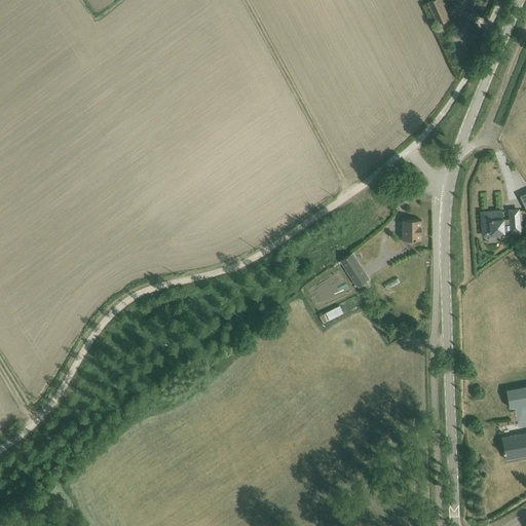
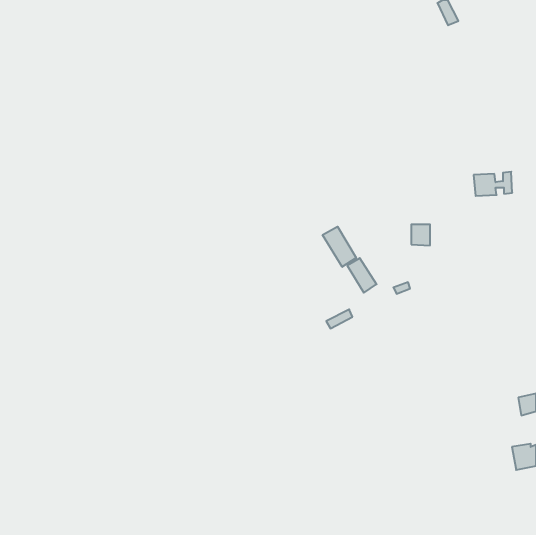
building: [481,210,519,233] -> [474,172,512,196]
building: none -> [323,227,356,267]

